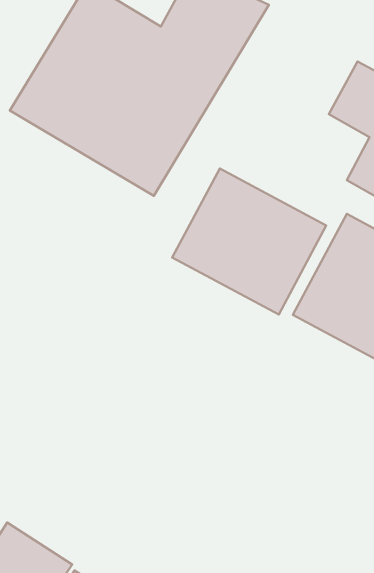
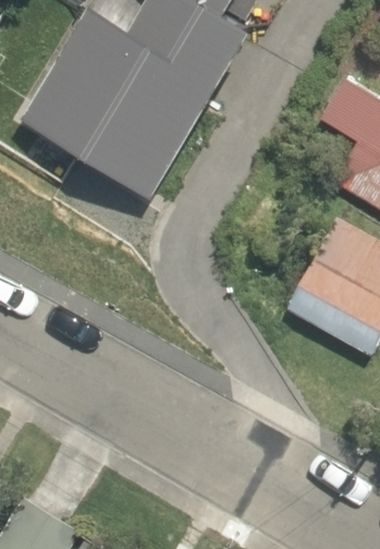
building: [172,169,326,314] -> none

